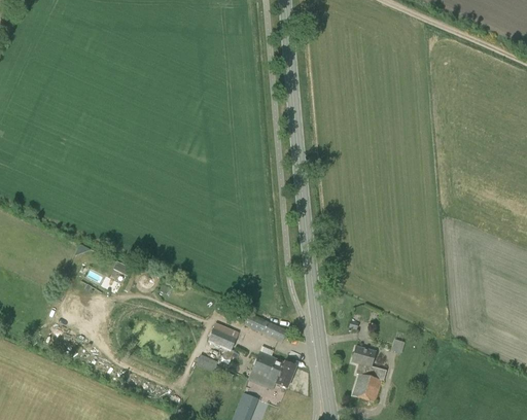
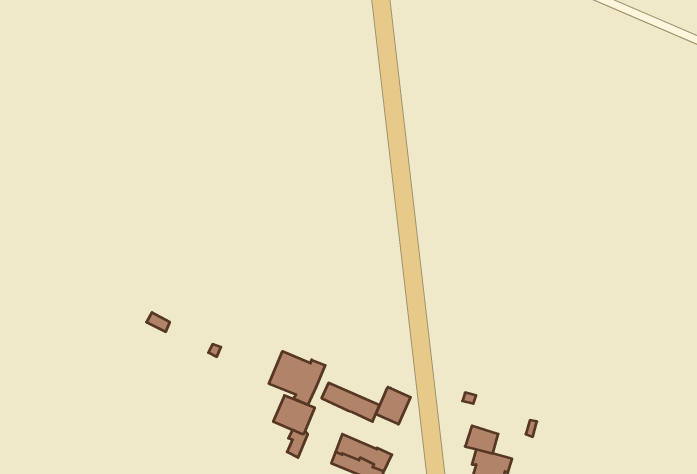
building: none -> [269,351,325,405]
building: none -> [376,387,411,424]

